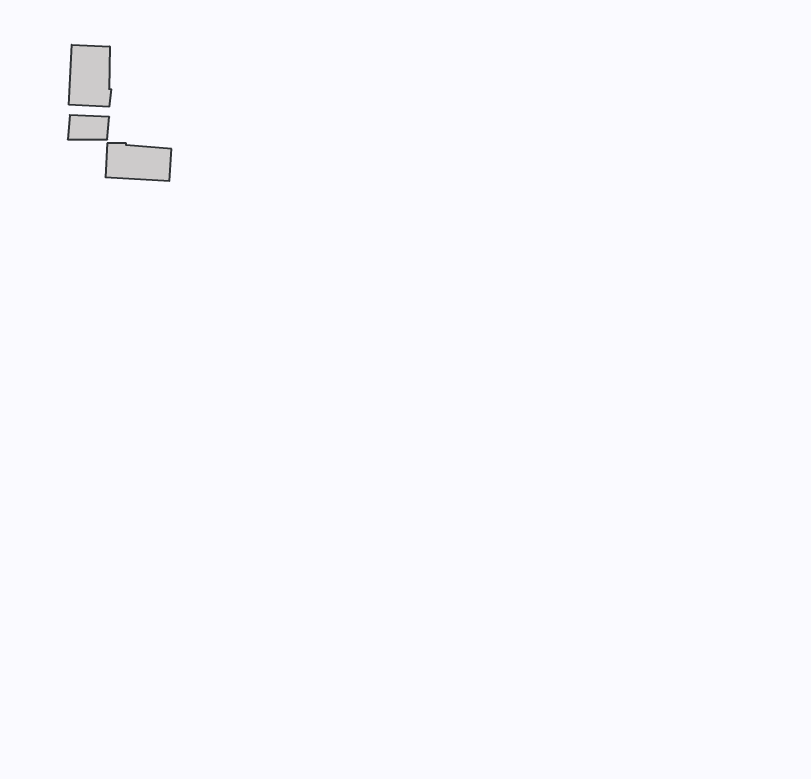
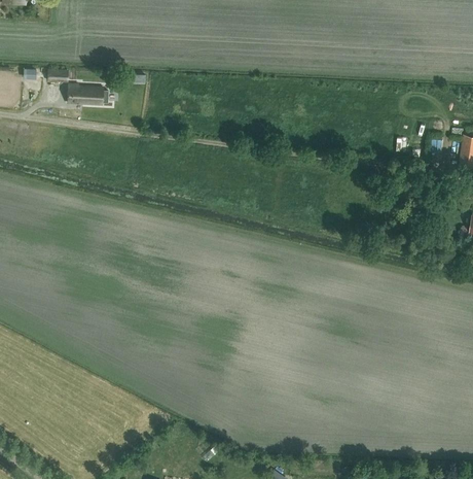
building: [69,45,111,107] -> none

